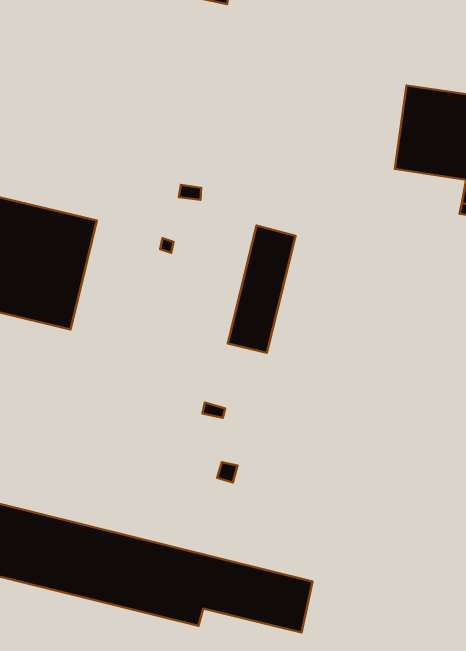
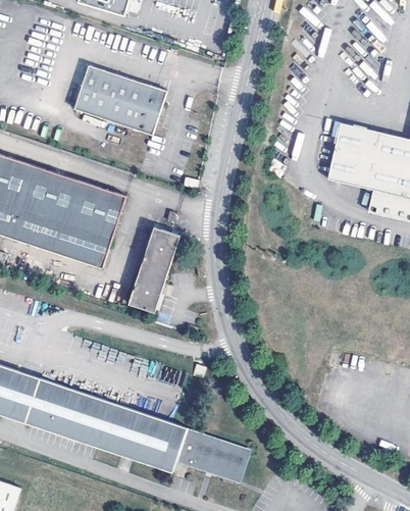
building: none -> [74,64,167,134]
building: [228,225,295,353] -> [129,226,180,312]

